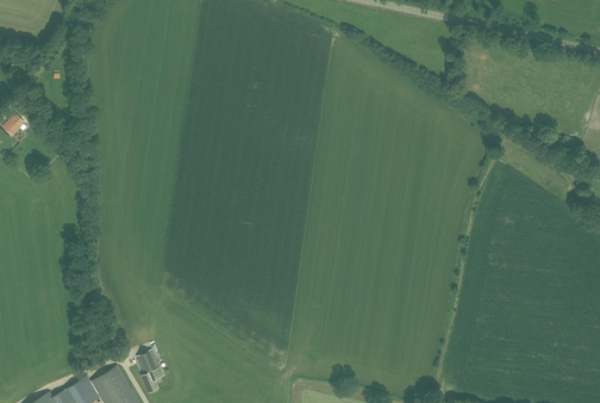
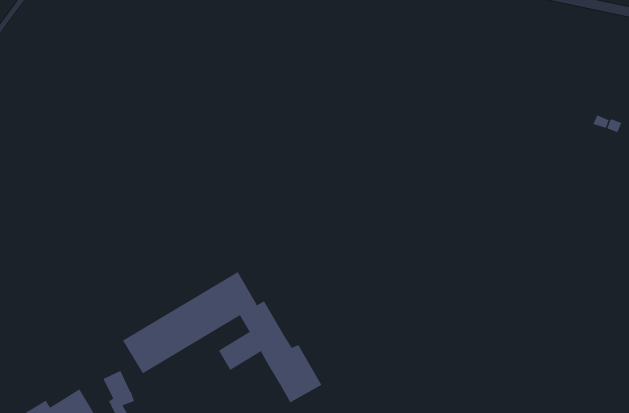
building: none -> [122,271,322,403]

